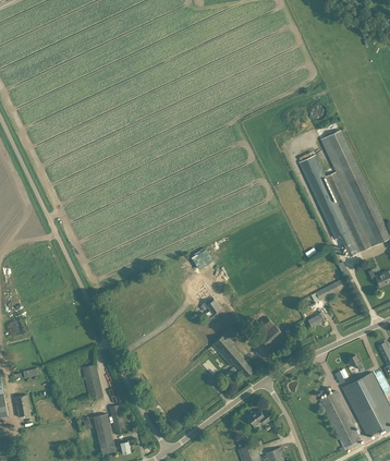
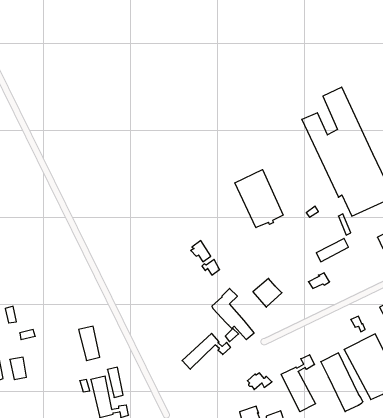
building: none -> [235,170,283,228]
building: none -> [182,333,230,369]
building: none -> [281,355,316,412]

